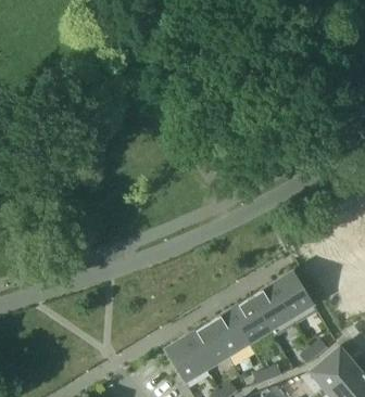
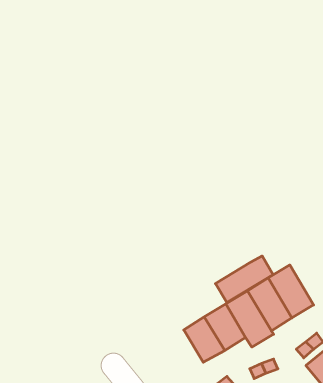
building: none -> [215,256,273,303]
building: [164,335,206,382] -> none

